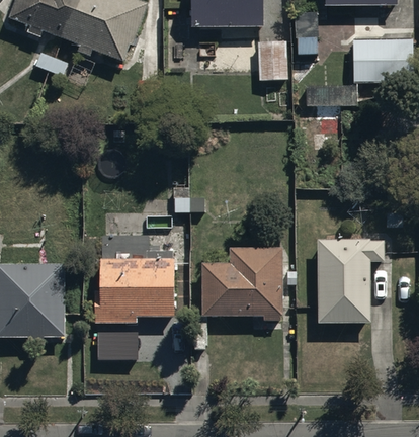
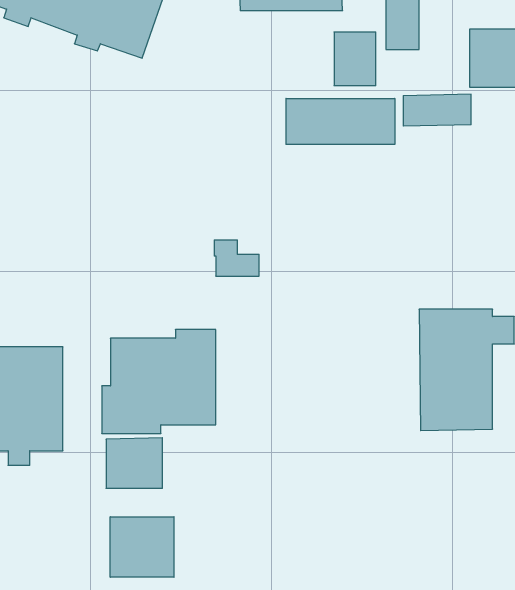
building: none -> [286,98,395,144]
building: [201,246,282,322] -> none
building: none -> [110,517,174,577]

